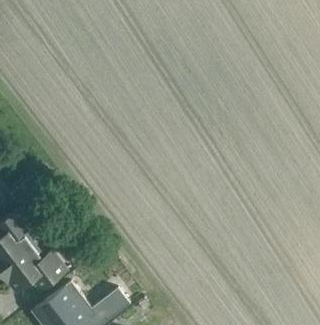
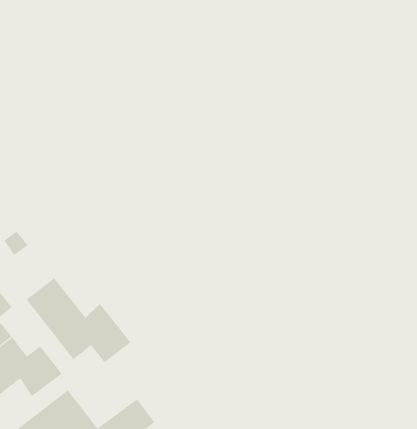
building: none -> [26,278,131,363]

